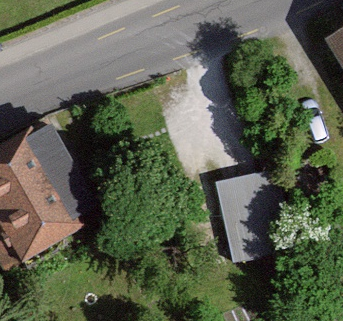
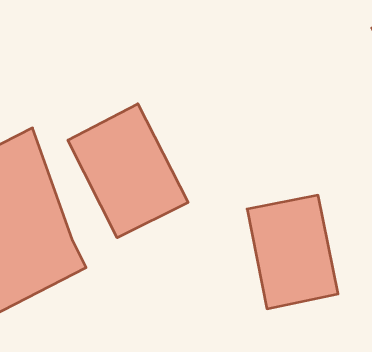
building: none -> [68,104,188,238]

